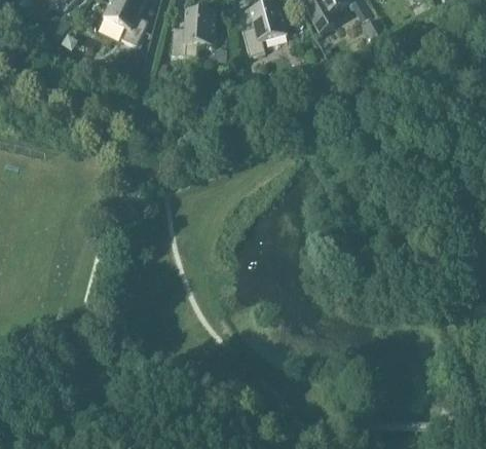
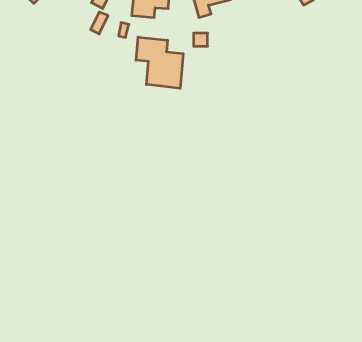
building: none -> [136,37,183,88]

